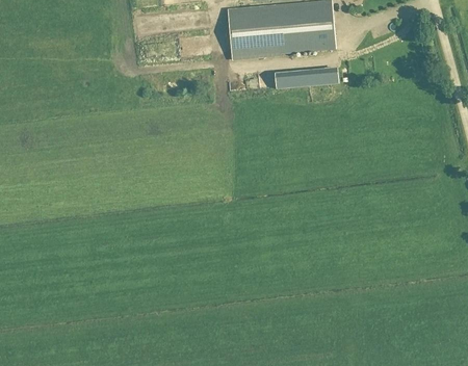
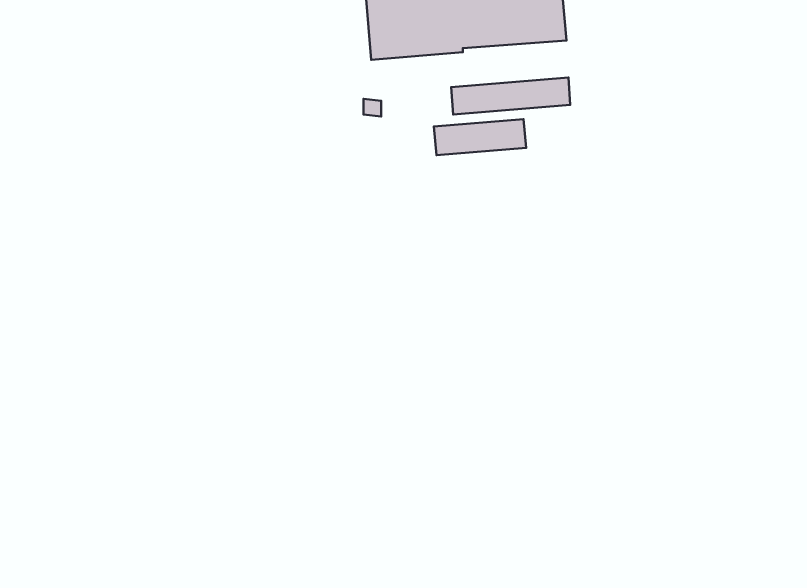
building: none -> [434,119,526,155]

